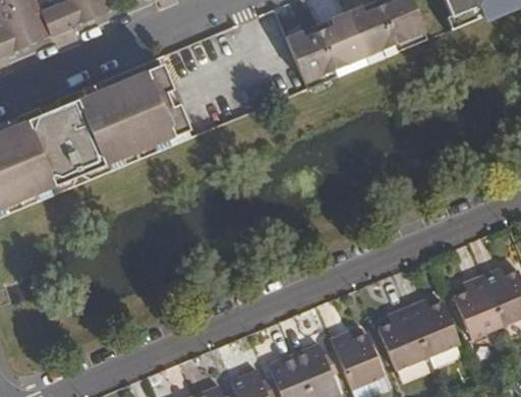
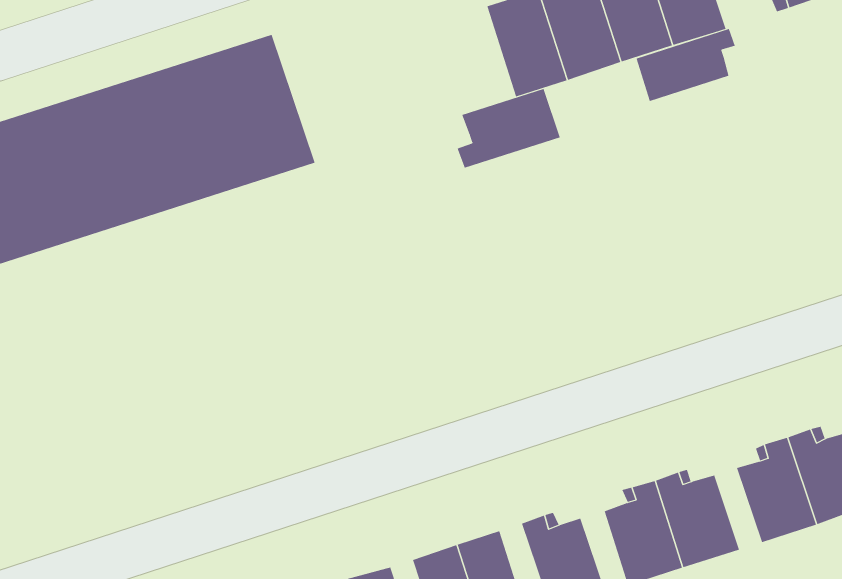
building: none -> [636,28,735,102]
building: none -> [457,88,560,169]

